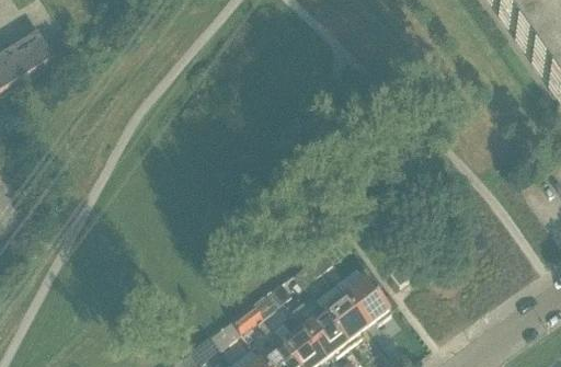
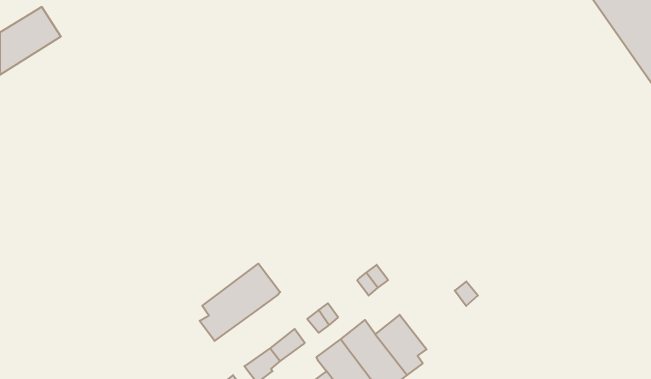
building: none -> [200,264,280,341]
building: [345,275,393,323] -> none

